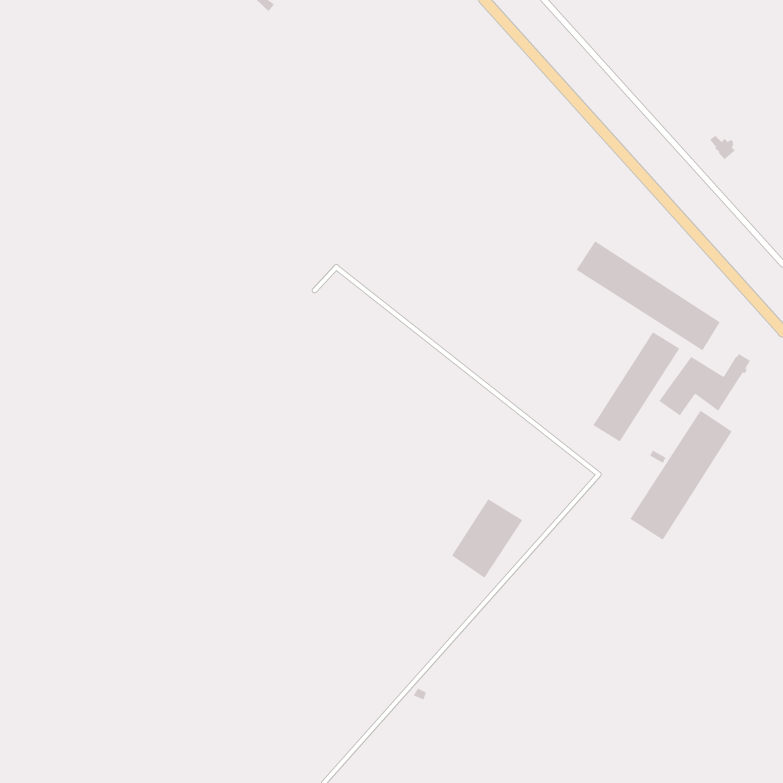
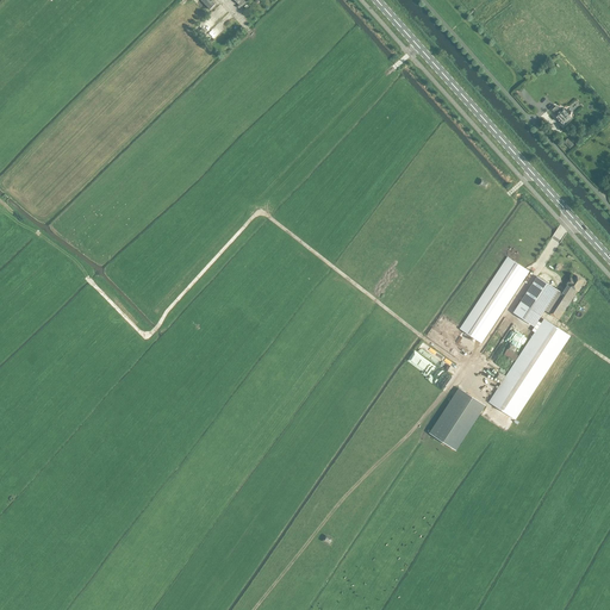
building: [576,240,721,351] -> none
building: [451,499,523,578] -> [429,387,485,449]

